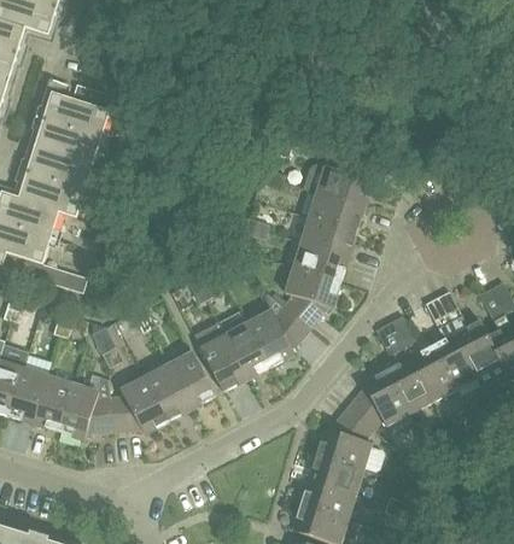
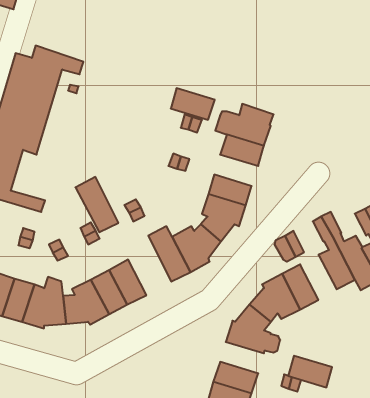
building: [300,218,356,258] -> [171,88,215,120]
building: [192,321,246,391] -> [75,177,118,232]
building: [409,345,455,402] -> none
building: [308,455,363,495] -> [288,356,332,387]

